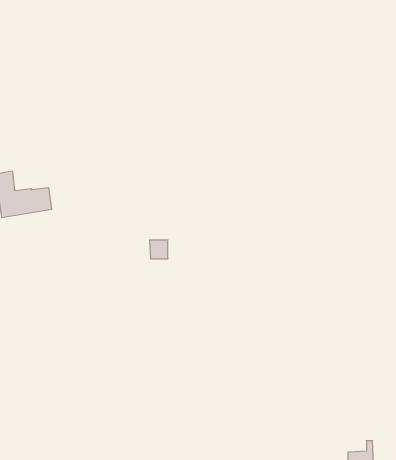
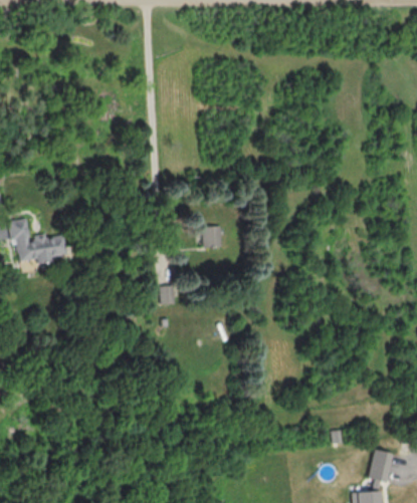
building: none -> [203,226,222,246]
building: none -> [368,450,393,482]

